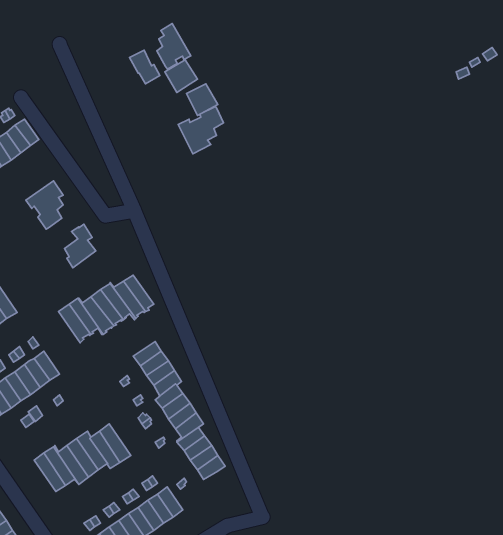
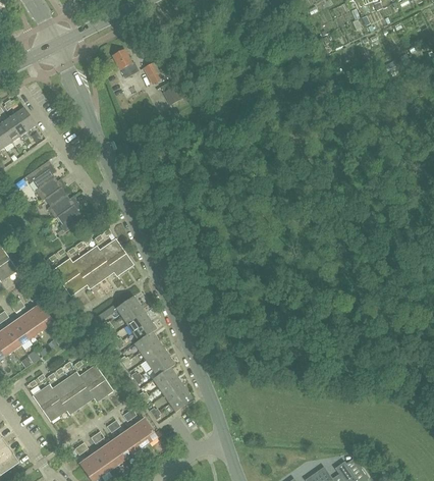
building: [157,24,191,69] -> none
building: [178,106,224,154] -> none
building: none -> [44,177,69,218]

